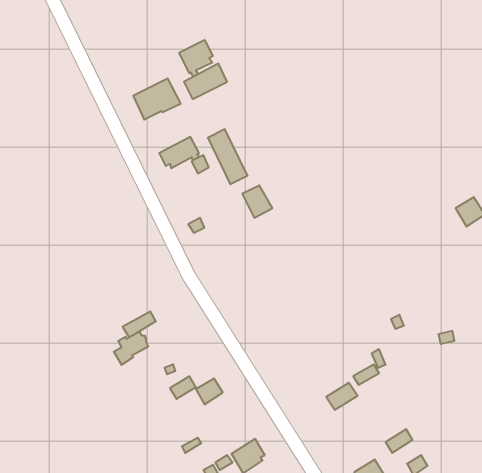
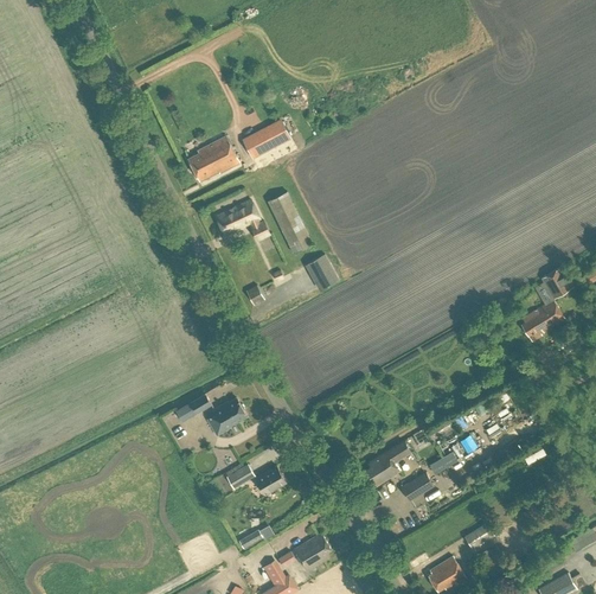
building: [179,40,213,77] -> none
building: none -> [520,299,564,341]
building: [114,331,148,365] -> [207,398,245,435]
building: none -> [361,440,410,487]

